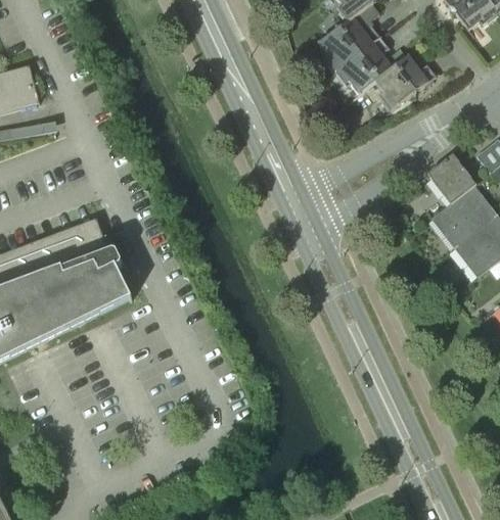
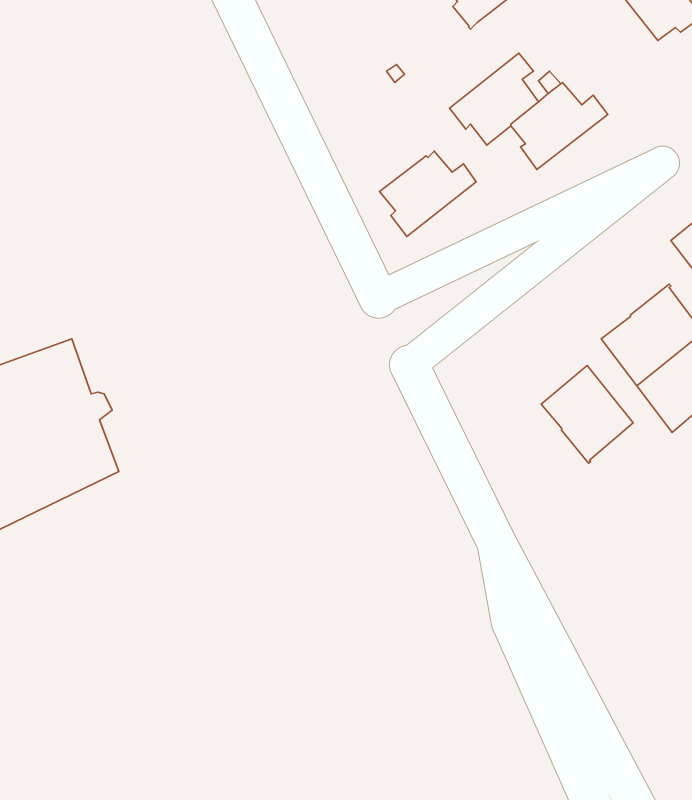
building: [318,17,379,72] -> [379,151,476,237]
building: [427,154,474,202] -> none
building: none -> [541,365,633,463]

